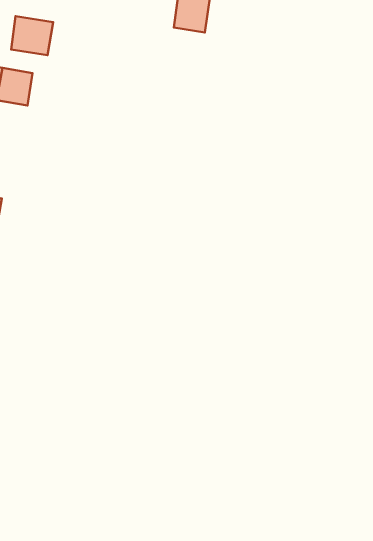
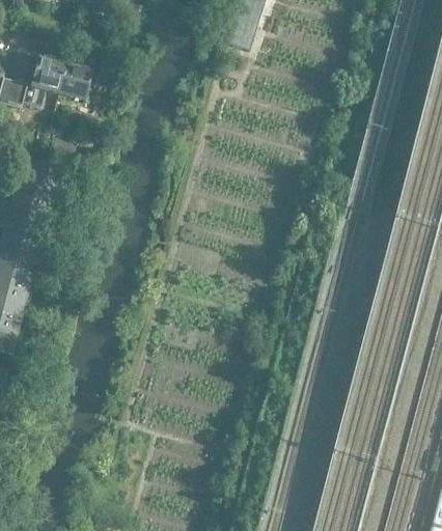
building: [11,16,53,55] -> none

